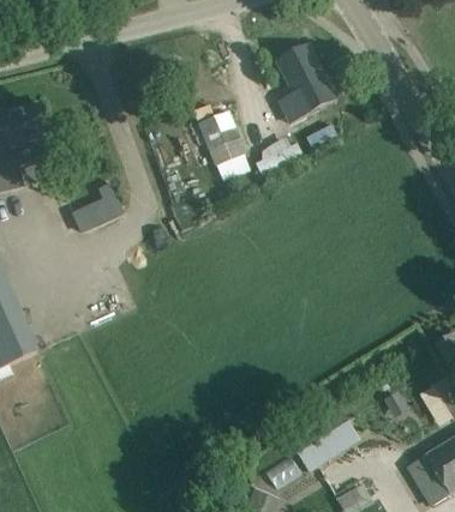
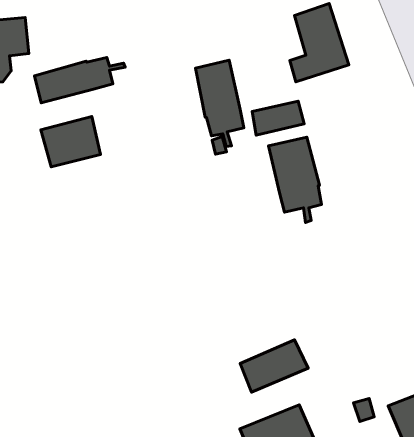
building: none -> [35,58,125,103]
building: none -> [269,137,321,223]
building: none -> [240,340,308,392]

